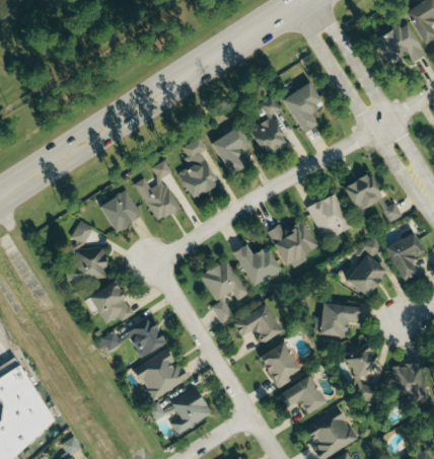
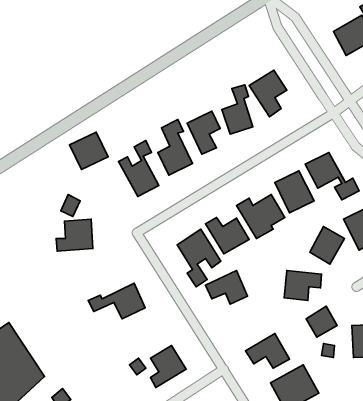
building: [99,190,142,232] -> [70,132,108,170]
building: [88,282,134,324] -> none
building: [258,340,300,389] -> none
building: [133,349,189,398] -> none

